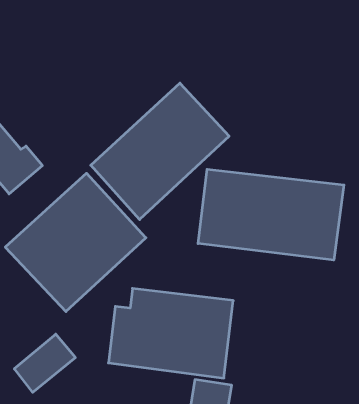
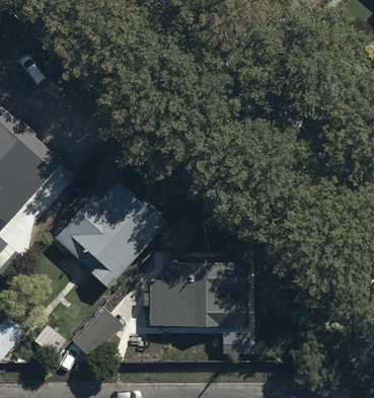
building: [91,83,229,220] -> none
building: [198,169,344,260] -> none

